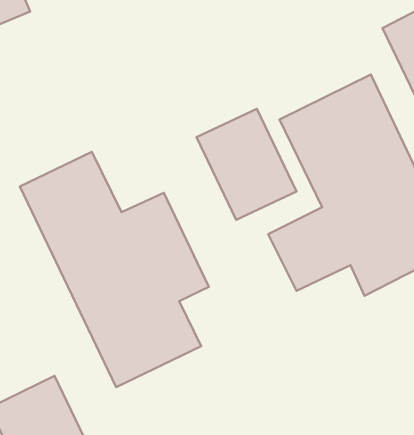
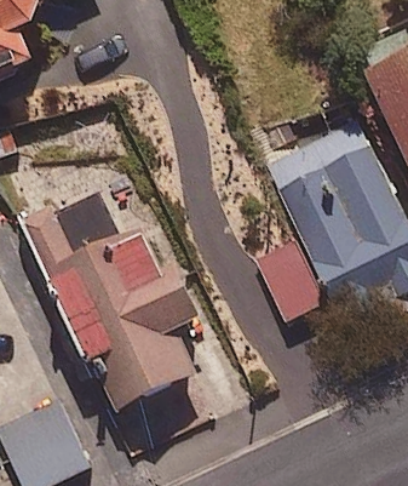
building: [197,109,296,220] -> none

